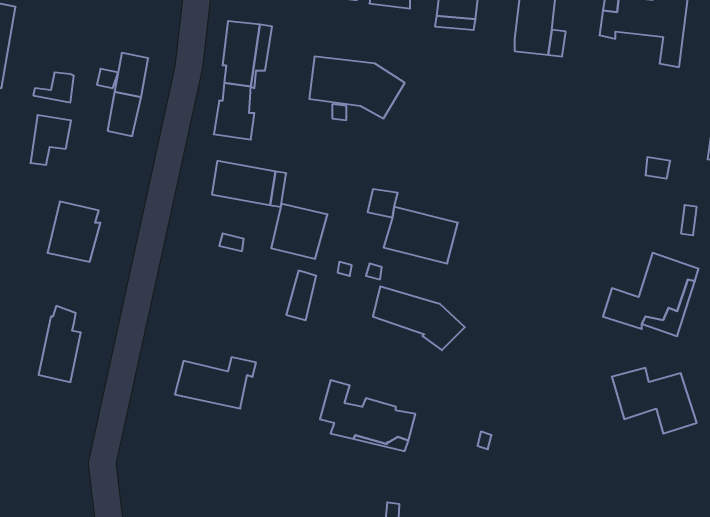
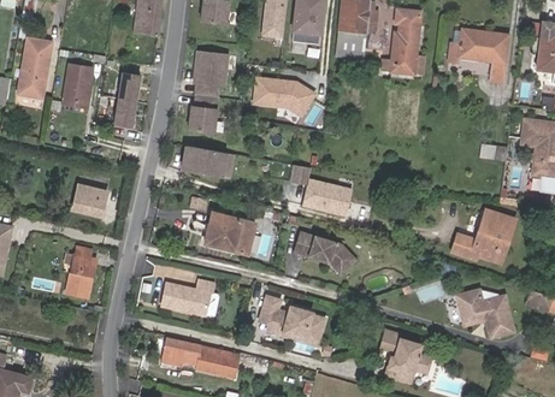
building: [30,115,71,165] -> [64,65,91,99]
building: [271,204,328,259] -> [205,214,243,251]
building: none -> [382,331,432,379]
building: none -> [161,338,238,378]

